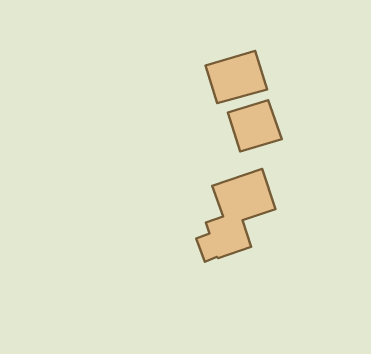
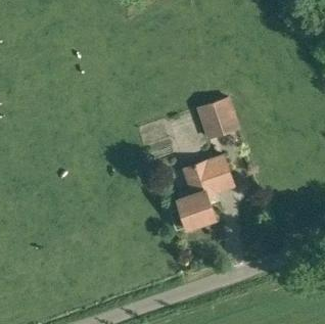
building: [206,51,267,103] -> none

